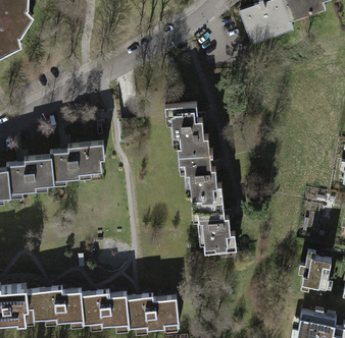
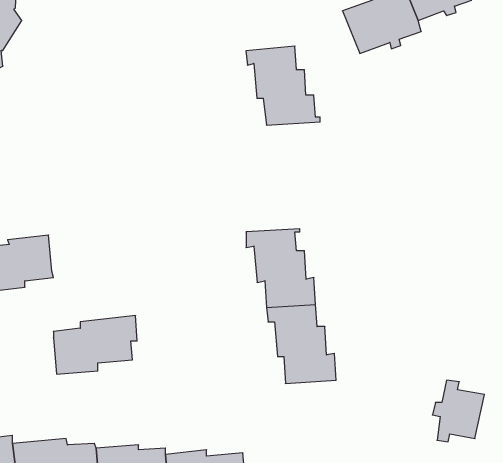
building: [164,103,212,154] -> [246,46,320,125]
building: [50,142,104,179] -> [53,316,137,374]

